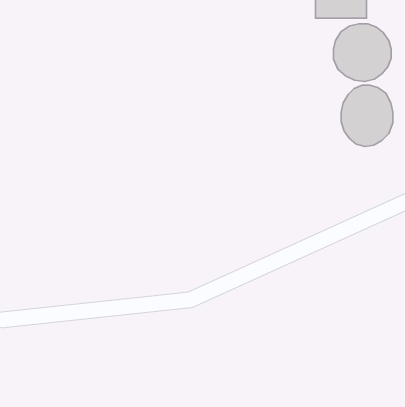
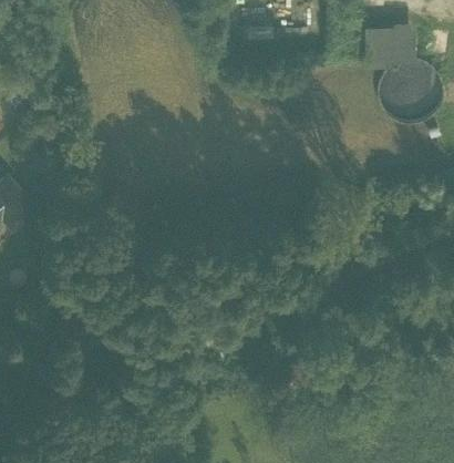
building: [341,85,393,146] -> none

